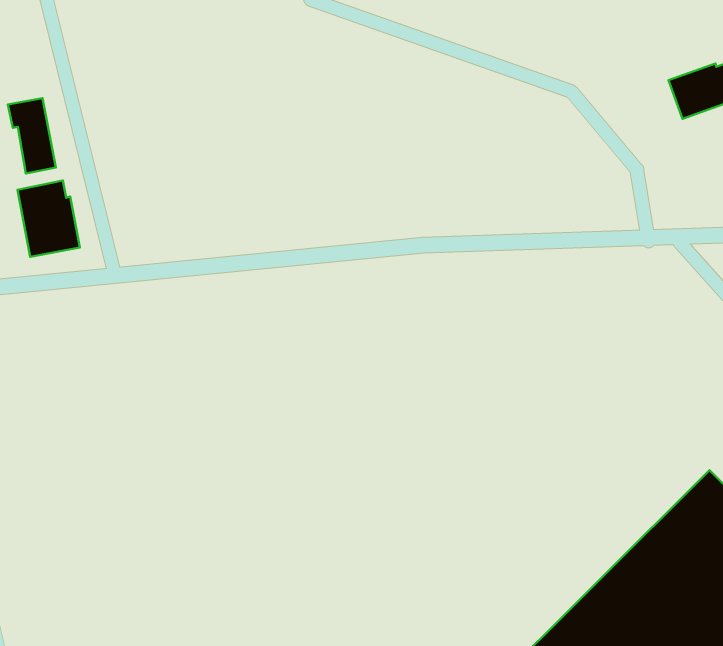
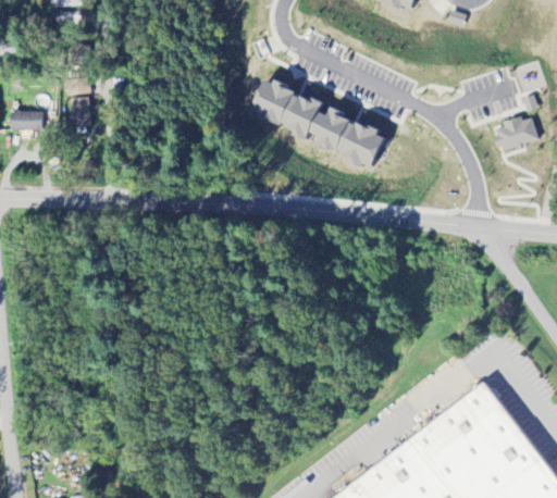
building: none -> [250,80,384,171]
building: [18,180,80,257] -> none

